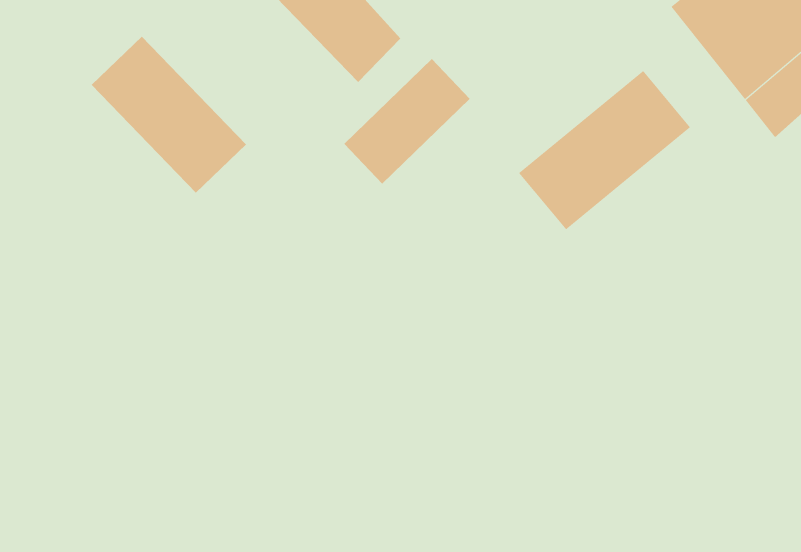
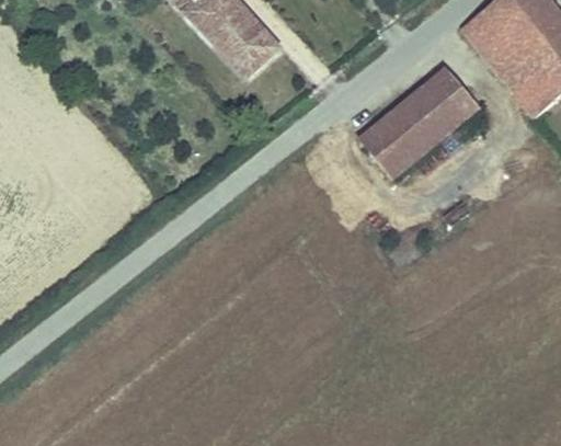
building: [91,36,247,193] -> none
building: [343,58,470,184] -> none

